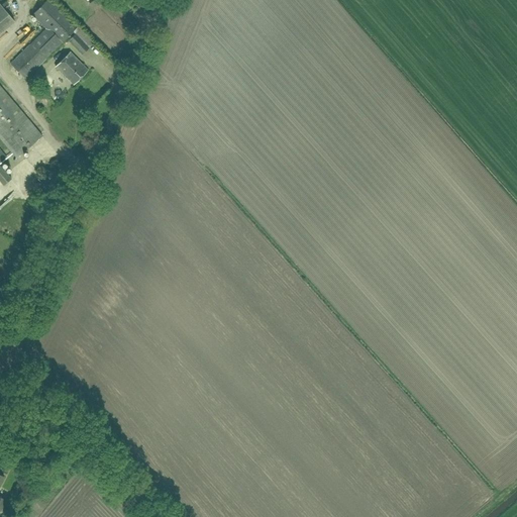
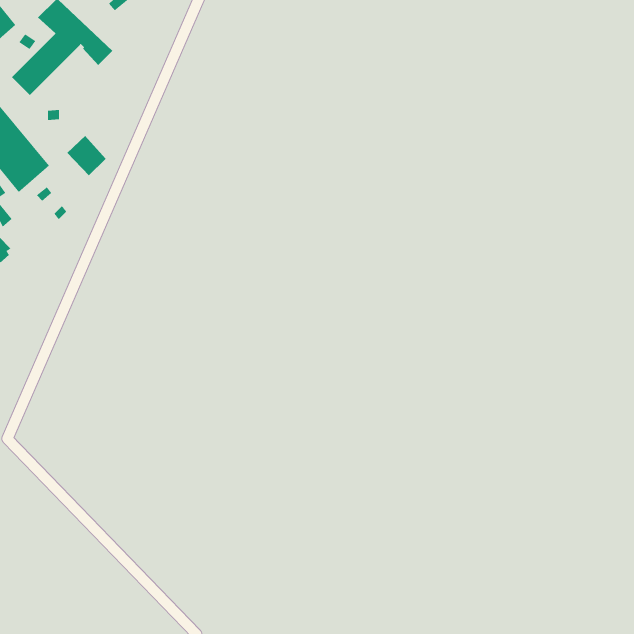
building: [54,50,86,84] -> [67,135,106,176]

